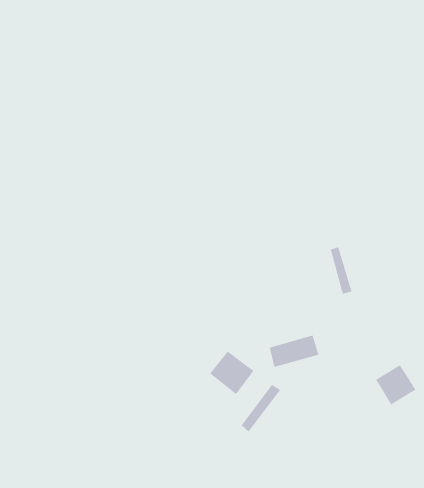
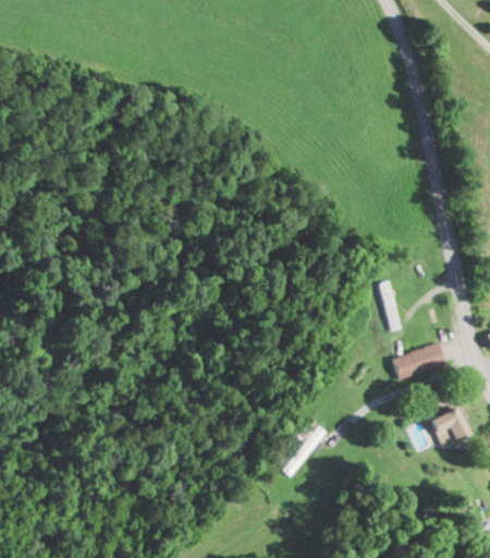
building: [269,335,319,368] -> [393,344,446,379]
building: [209,350,255,395] -> none

